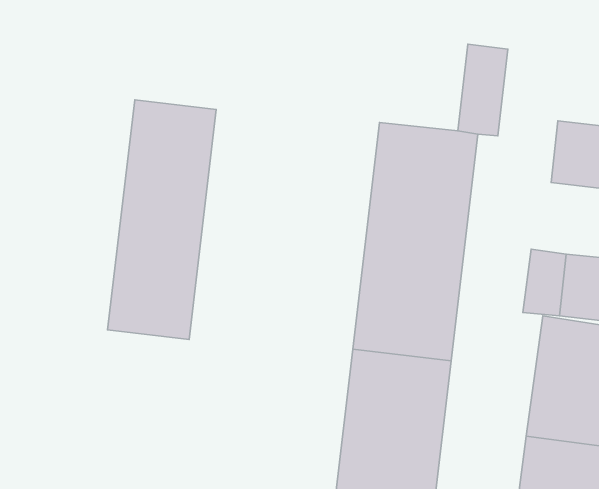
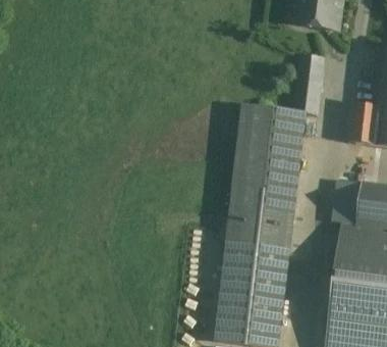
building: [108,100,216,340] -> none

